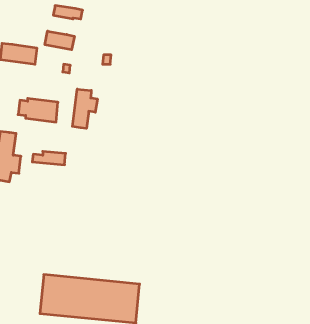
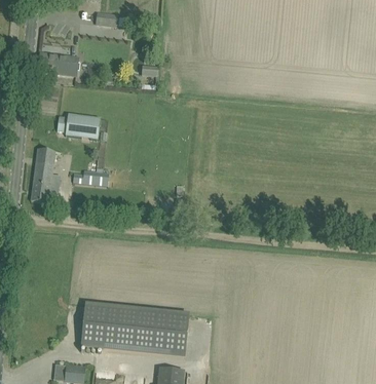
building: [45,31,74,50] -> none
building: [72,89,97,128] -> none

